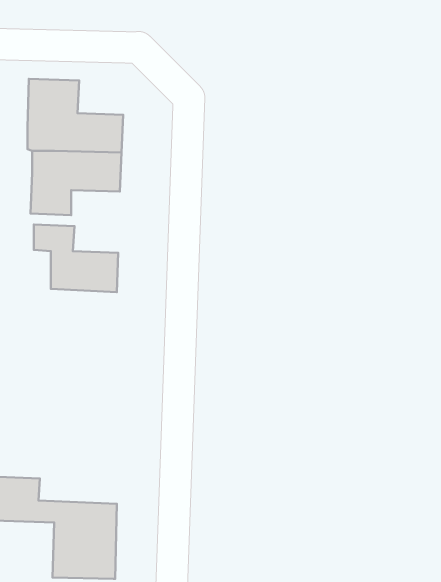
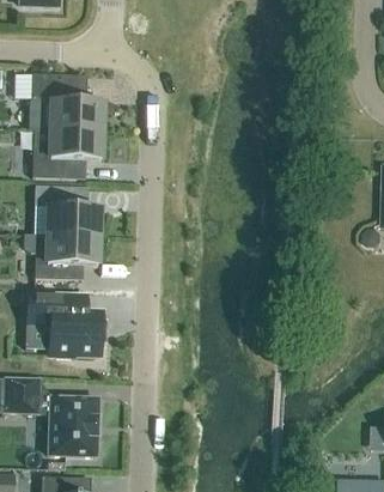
building: none -> [24,235,98,279]
building: none -> [26,292,105,358]

